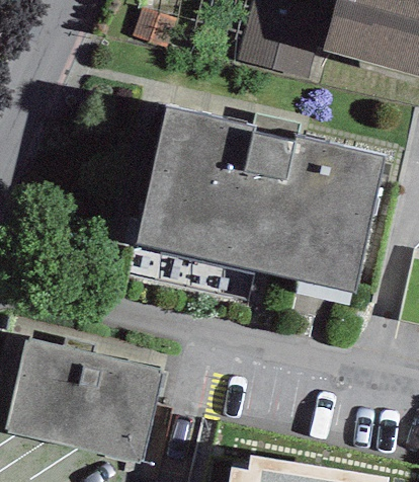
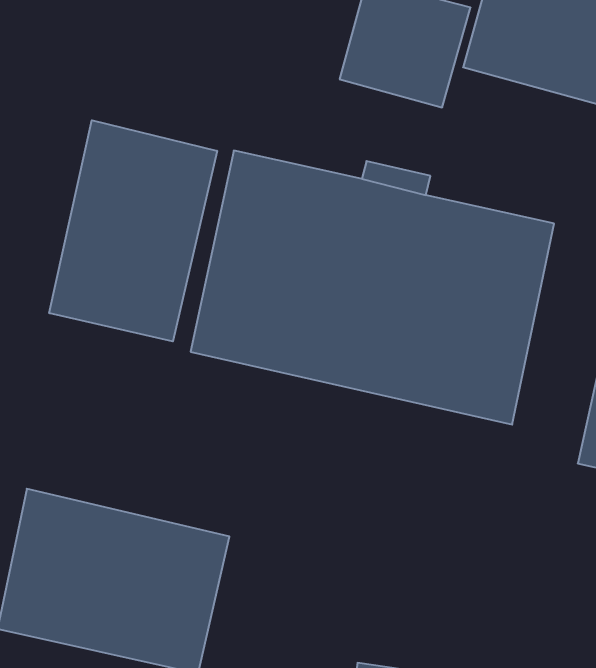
building: none -> [49,120,217,341]

